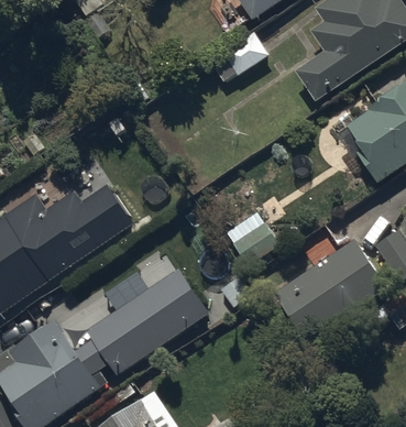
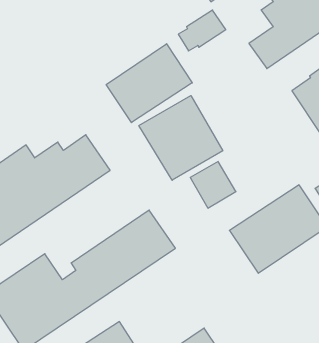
building: none -> [106,44,192,123]
building: none -> [139,96,223,180]

